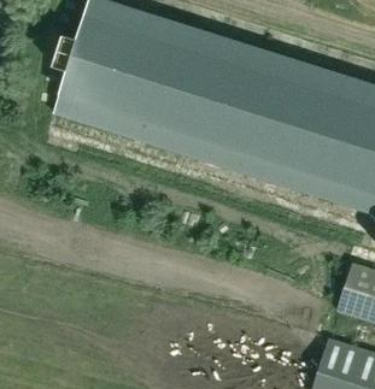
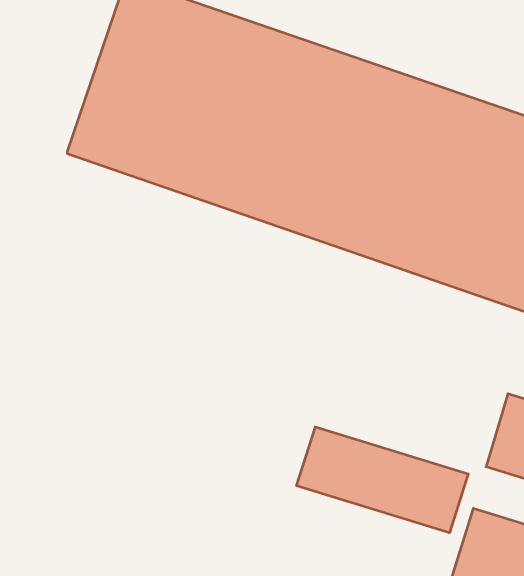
building: none -> [297,427,468,533]

